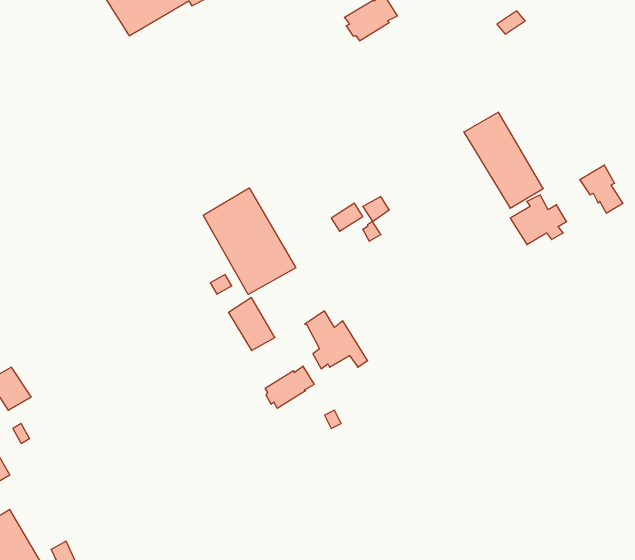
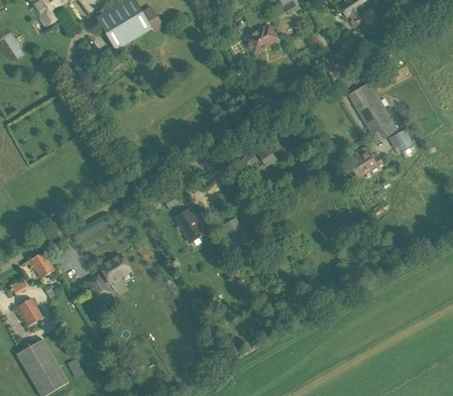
building: [464,112,543,208] -> [347,82,395,140]
building: [203,188,296,294] -> none
building: [265,366,314,408] -> none
building: none -> [87,253,131,298]

